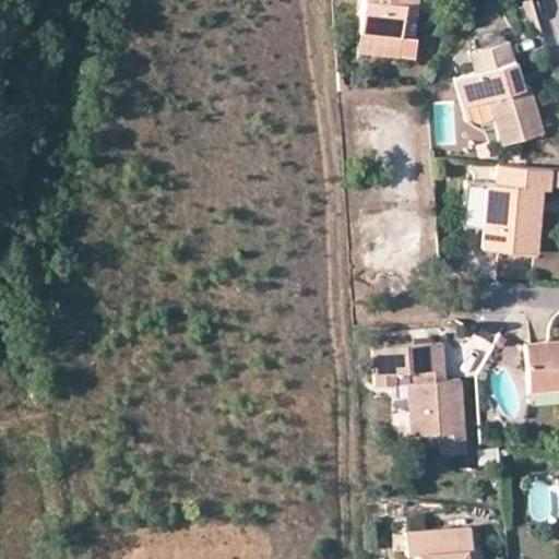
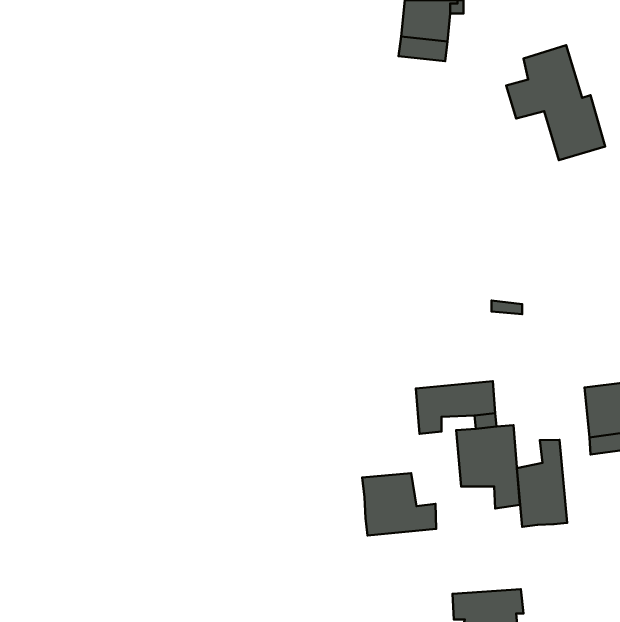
building: [481,166,554,255] -> none
building: none -> [517,440,567,527]
building: none -> [362,473,436,536]

